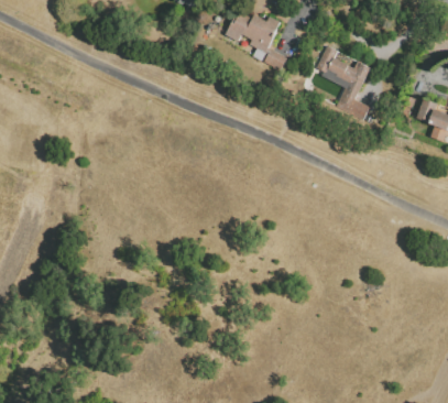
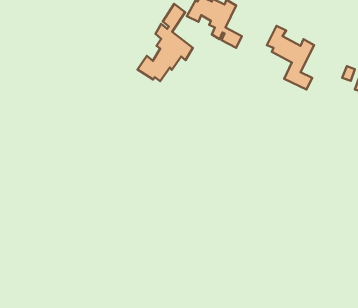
building: none -> [138,4,193,81]

